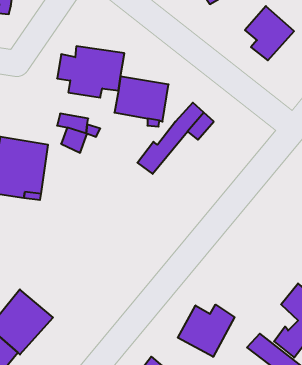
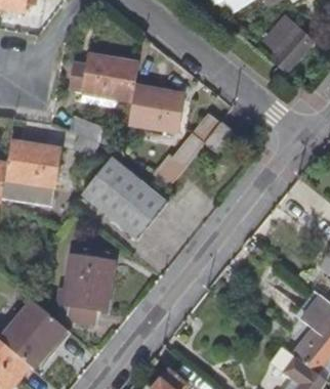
building: none -> [80,157,166,240]
building: none -> [69,255,115,321]
building: [178,305,235,357] -> none

